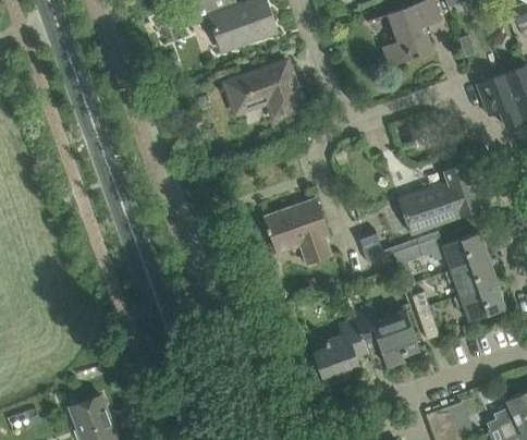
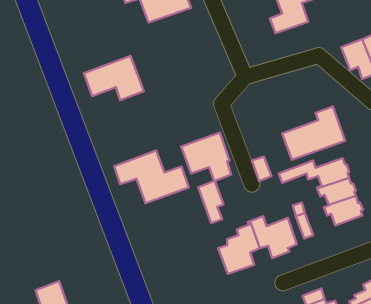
building: [224,60,304,119] -> [84,56,144,100]
building: none -> [114,150,189,203]
building: none -> [198,181,224,223]

